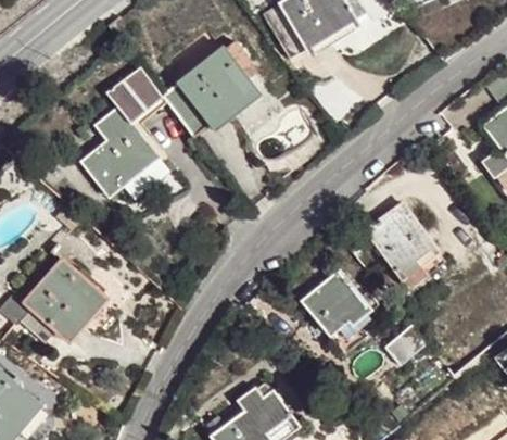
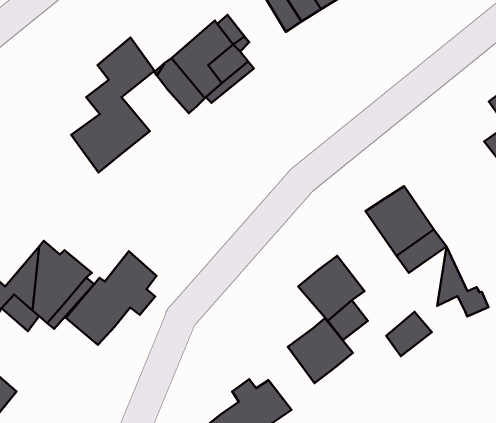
building: none -> [437,247,489,316]
building: none -> [66,251,157,345]
building: none -> [288,318,353,383]

